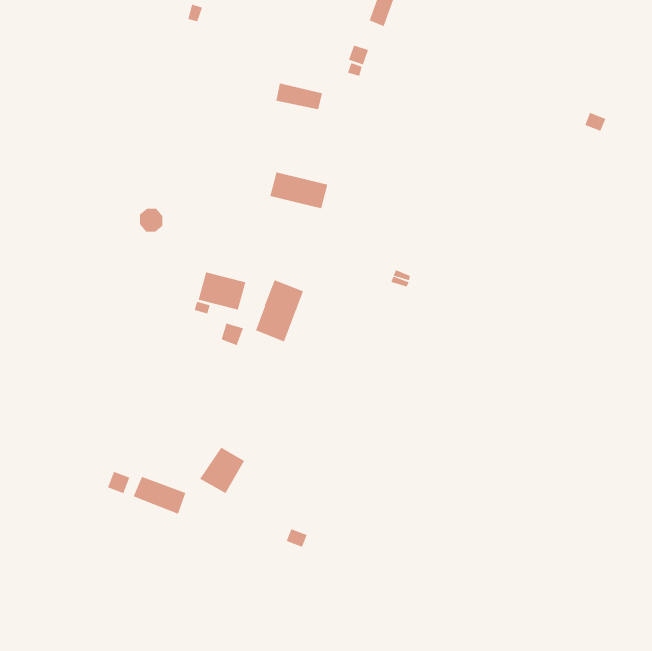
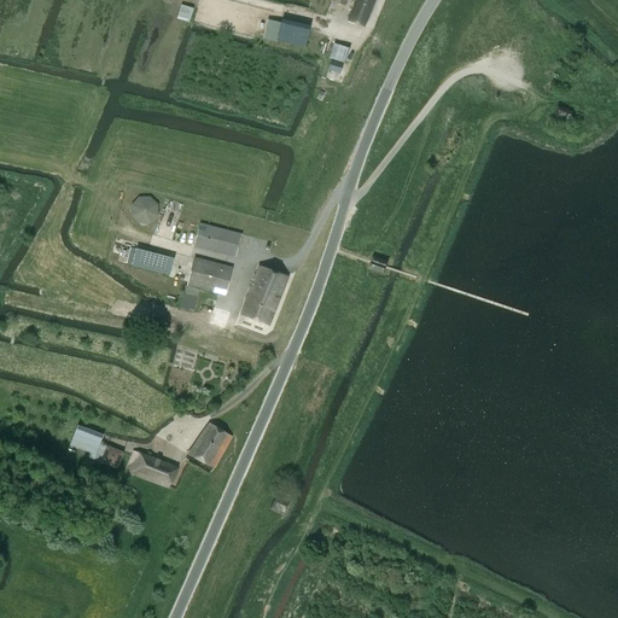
building: [275,83,323,110] -> [264,21,309,46]
building: [270,172,328,209] -> [193,222,249,257]
building: none -> [132,247,174,274]
building: none -> [70,424,104,454]

